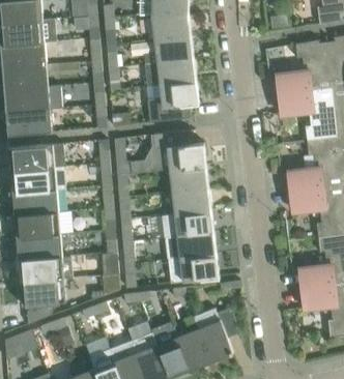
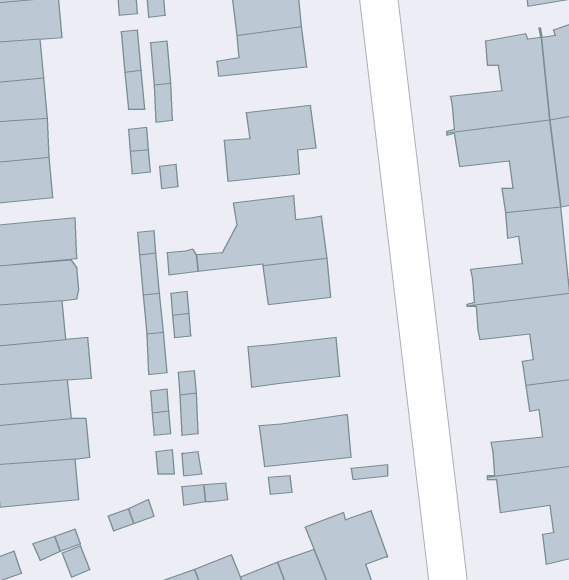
building: [144,58,196,86] -> none
building: [172,187,210,214] -> none
building: [177,232,216,259] -> none

